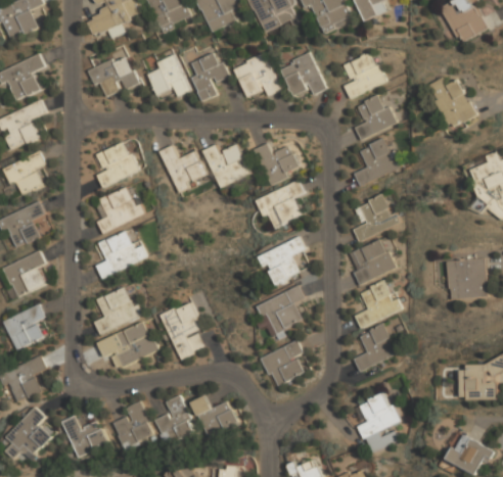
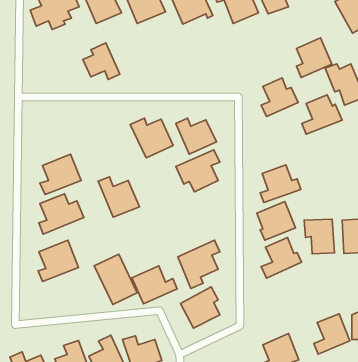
building: [190,53,226,103] -> none
building: [344,53,384,99] -> [297,38,332,77]
building: [233,55,279,98] -> none
building: [280,55,324,98] -> none
building: [87,56,137,97] -> none
building: [354,140,401,186] -> [302,95,342,134]
building: [95,141,138,186] -> none
building: [161,145,209,192] -> [98,177,139,217]
building: [259,237,305,286] -> none
building: none -> [304,219,334,254]
building: none -> [132,266,177,304]
building: [109,322,157,366] -> none
building: [354,325,396,372] -> [314,314,350,354]

